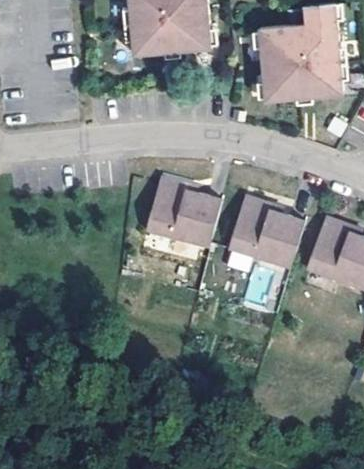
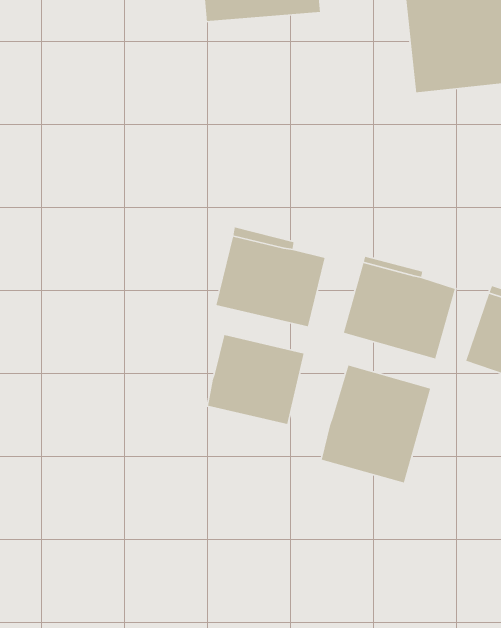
building: none -> [207,334,304,425]
building: none -> [321,365,431,484]

